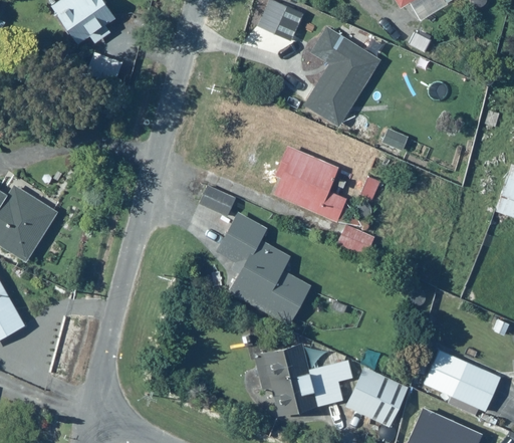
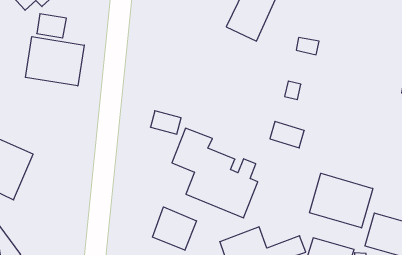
building: none -> [25,37,84,86]
building: [272,143,346,223] -> none
building: none -> [309,173,373,228]
building: none -> [152,207,196,250]

